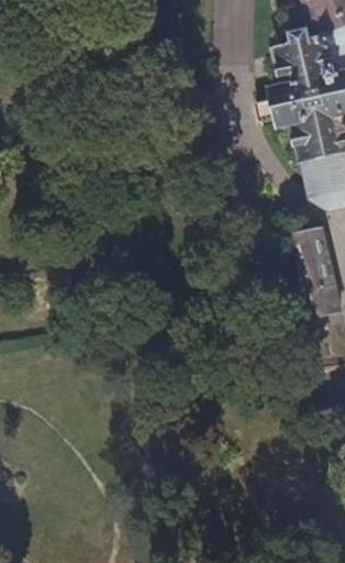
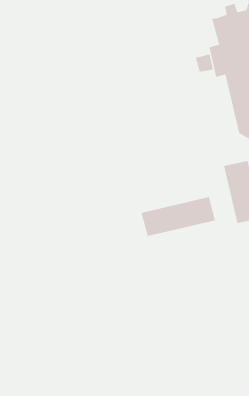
building: none -> [140,196,216,237]

